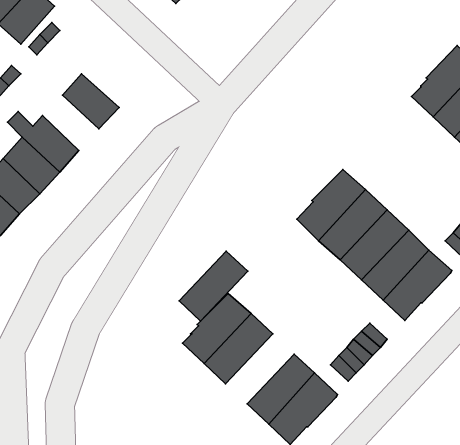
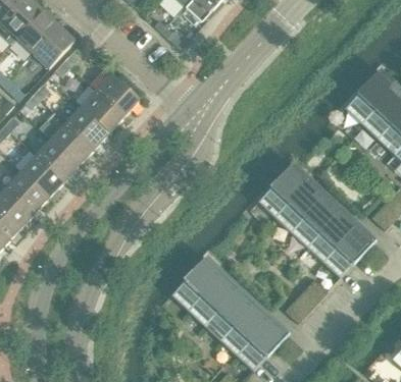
building: none -> [95,72,139,115]
building: none -> [65,106,108,148]
building: [179,251,248,321] -> [204,286,256,339]

